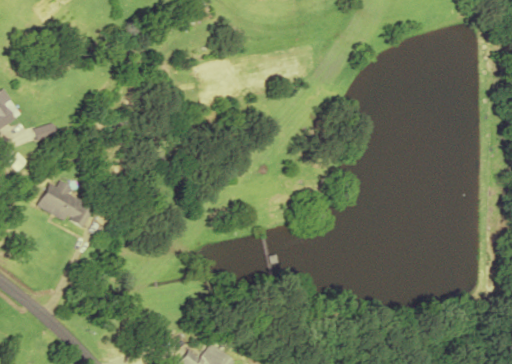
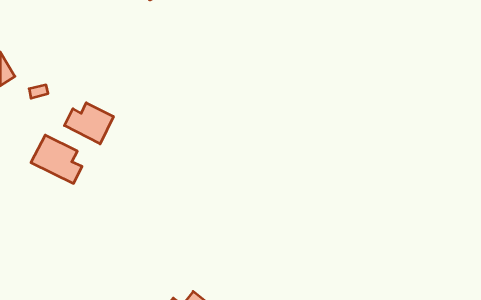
building: none -> [64,103,113,144]

